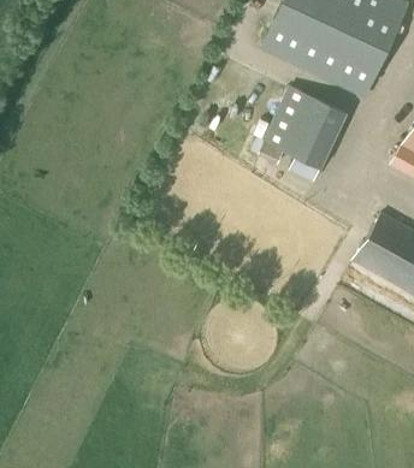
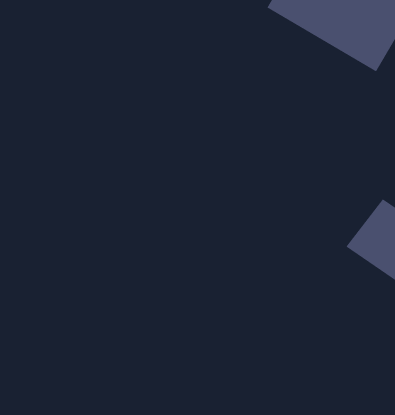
building: [264,87,348,171] -> none

